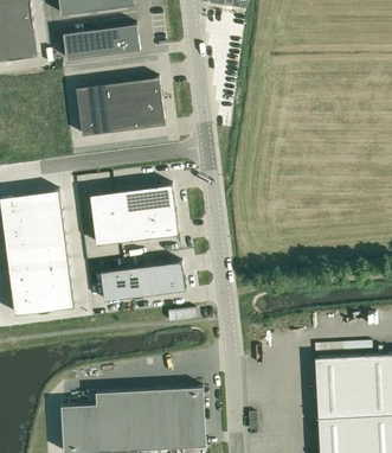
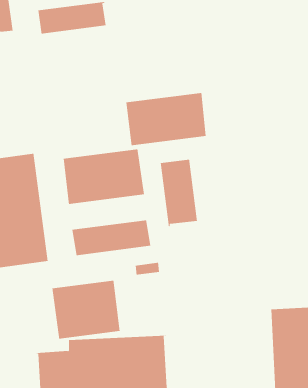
building: [76,78,163,136] -> [126,92,206,146]
building: none -> [160,159,197,227]
building: none -> [52,280,120,339]

